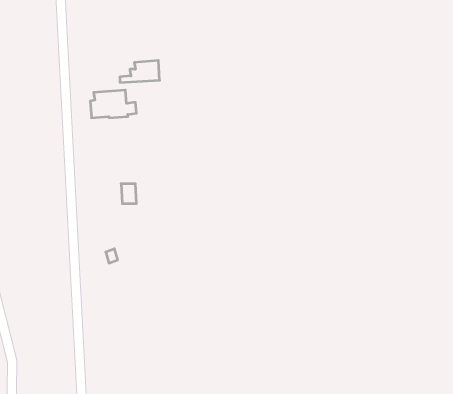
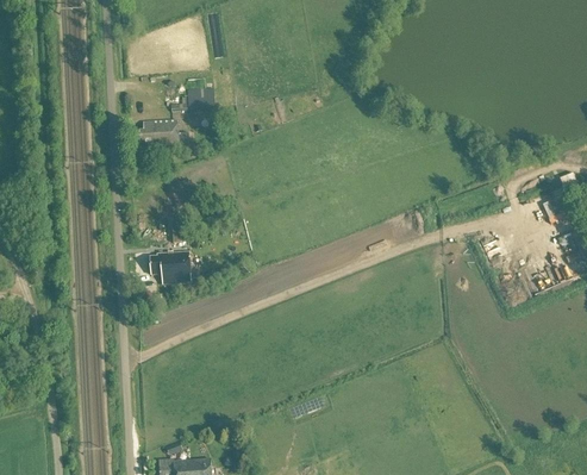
building: none -> [148,250,191,282]

